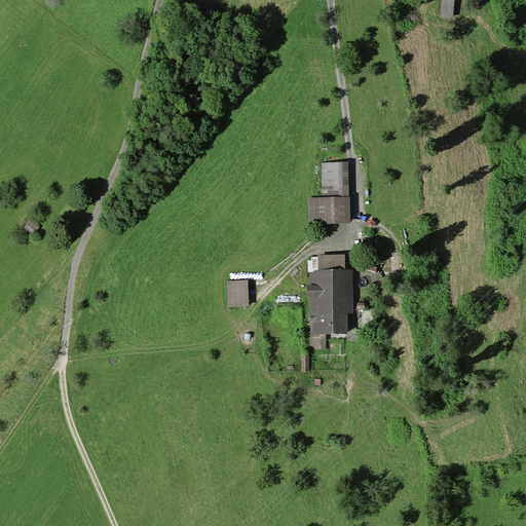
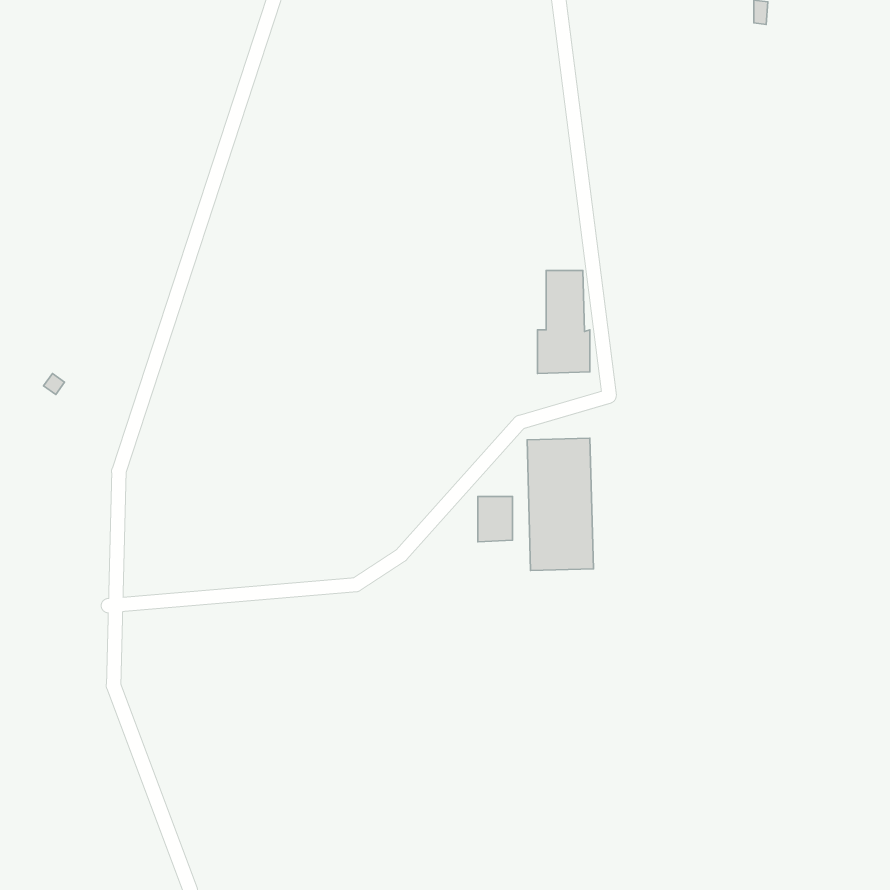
building: [226,280,247,307] -> [478,496,513,542]

